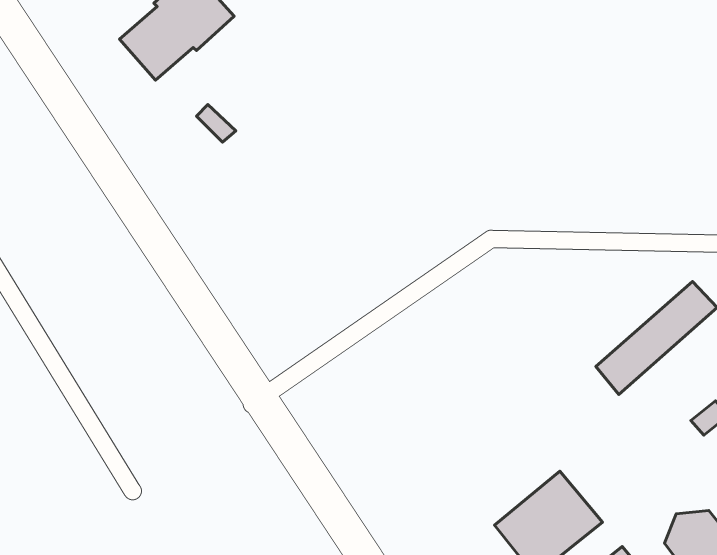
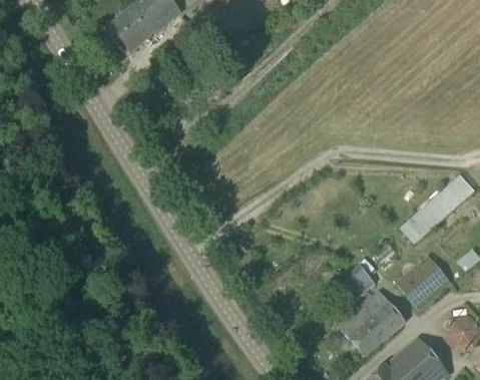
building: none -> [397,256,451,309]
building: none -> [340,265,375,300]

